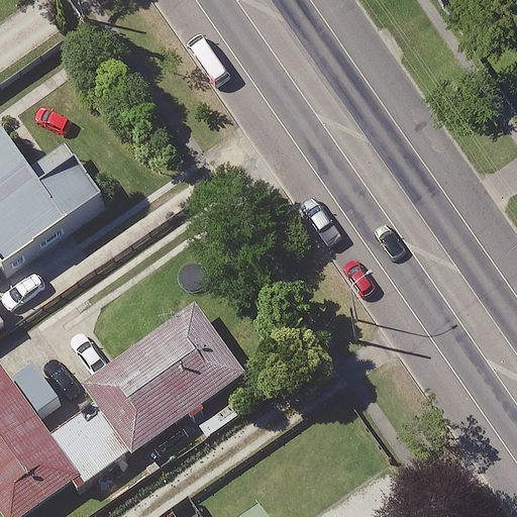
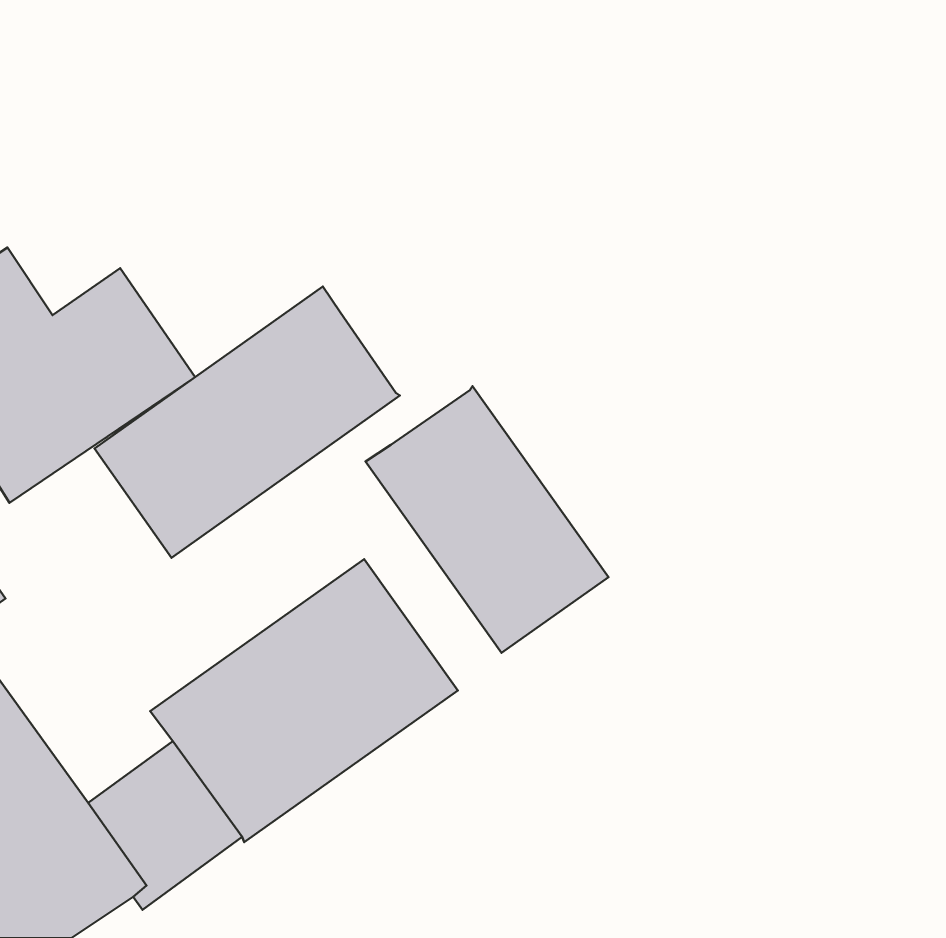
building: none -> [94,286,400,558]
building: none -> [366,386,608,653]

